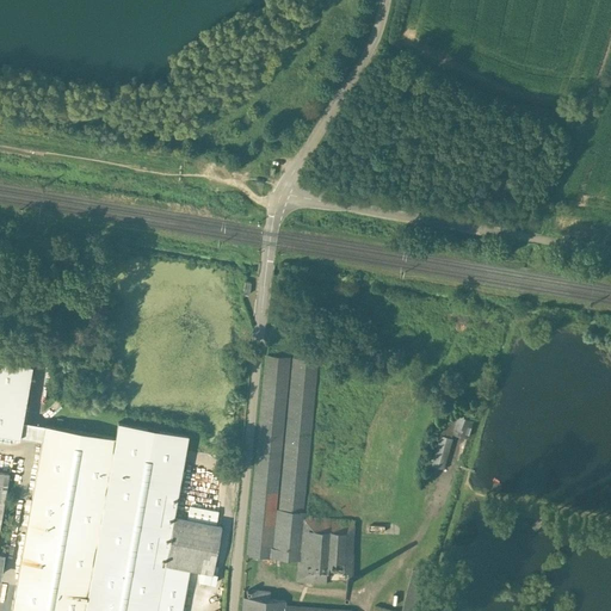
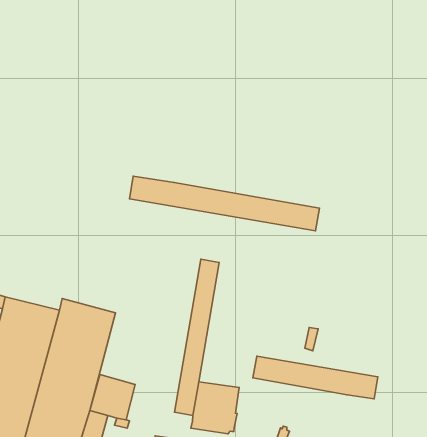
building: none -> [129,176,319,231]
building: [248,358,294,561] -> none
building: none -> [253,356,378,399]

